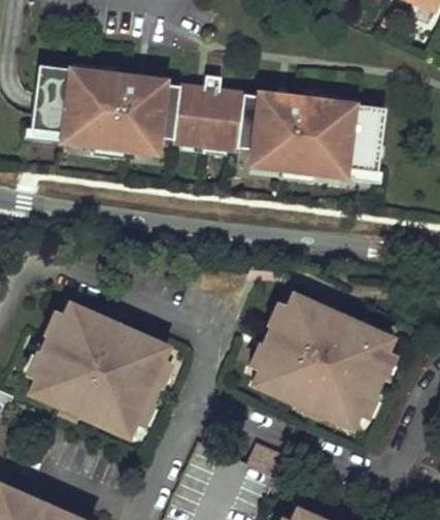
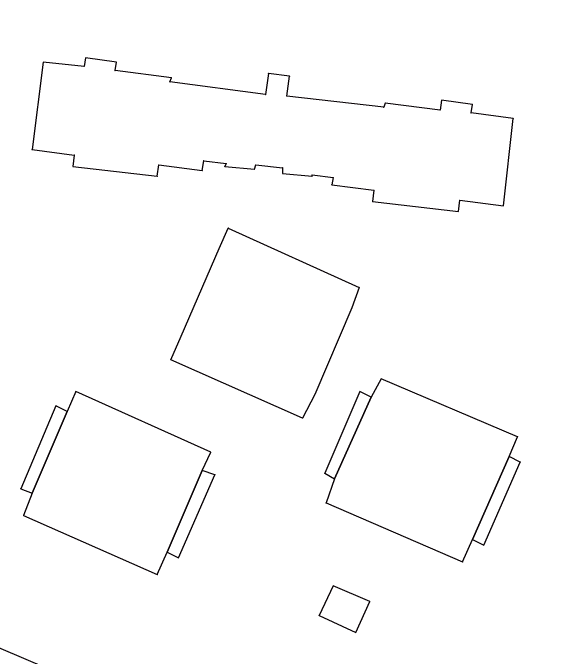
building: none -> [171,228,359,418]

